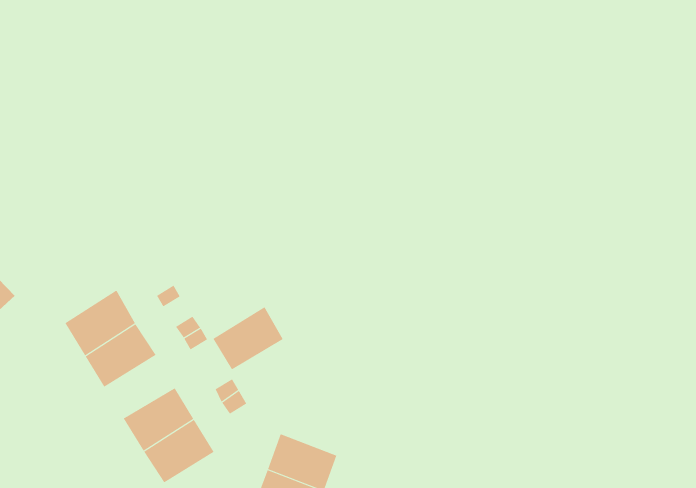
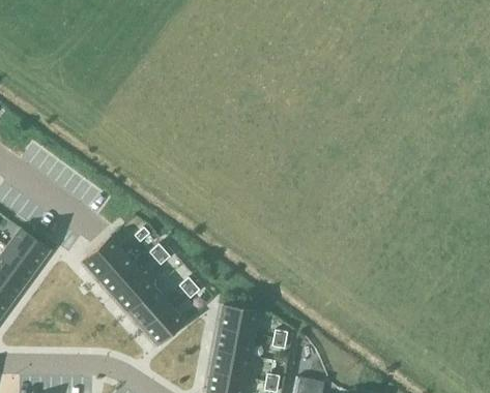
building: [212,306,284,370] -> [112,271,154,312]

